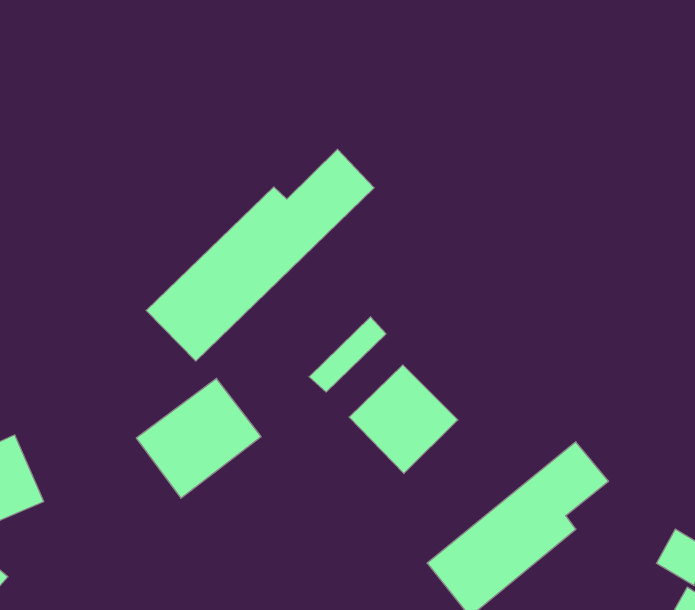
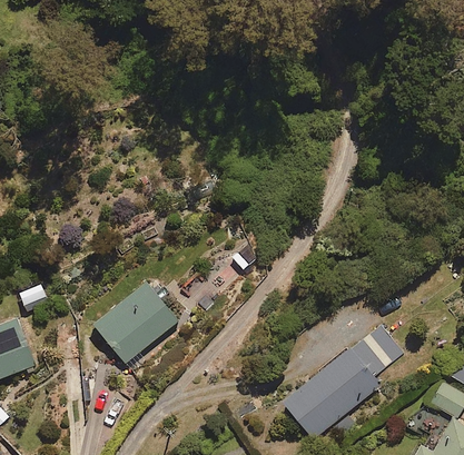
building: [146,149,374,361] -> none
building: [349,365,458,474] -> none

